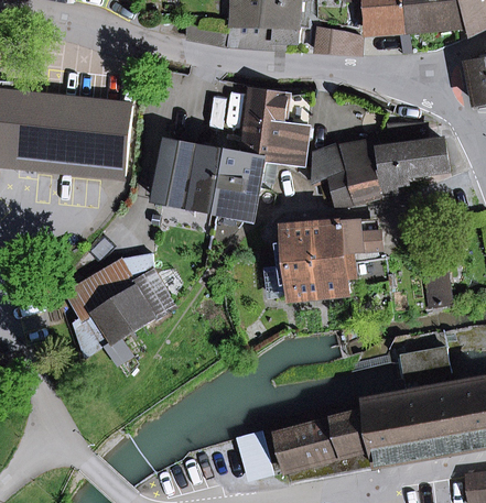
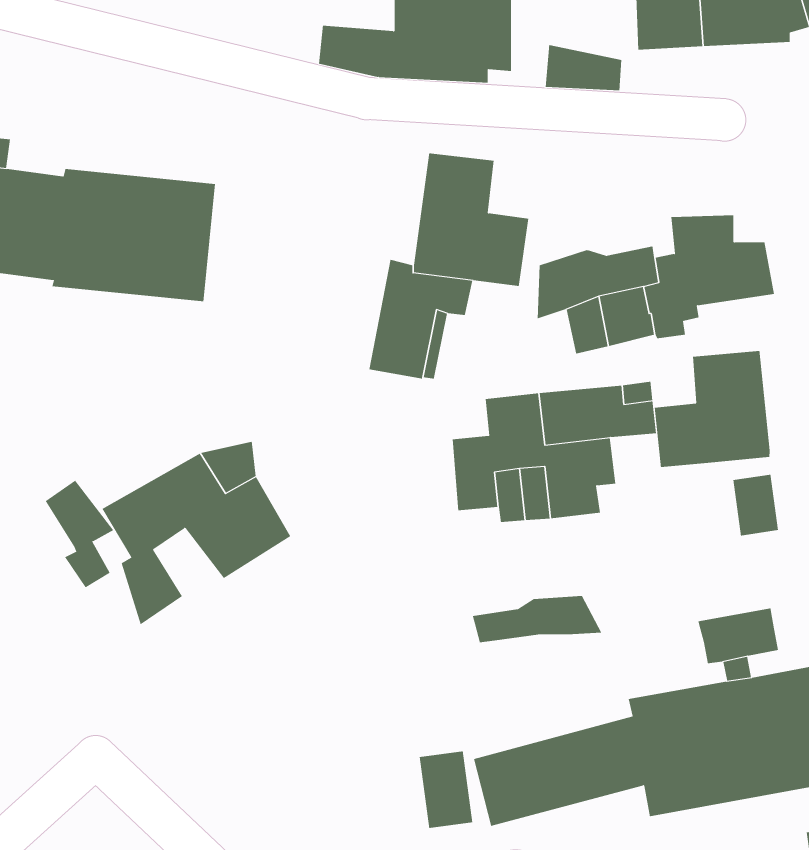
building: [156,139,229,212] -> none
building: none -> [654,350,770,468]
building: [95,303,134,364] -> [45,480,114,588]
building: none -> [472,595,602,643]

